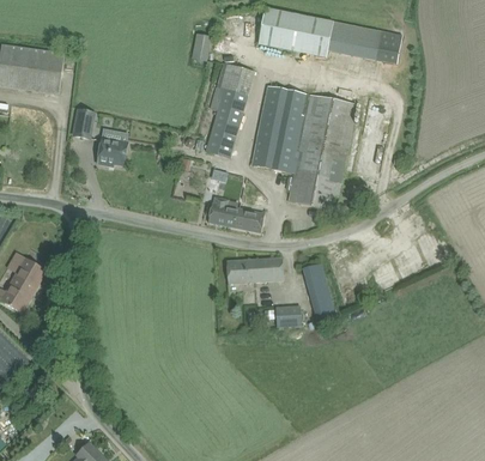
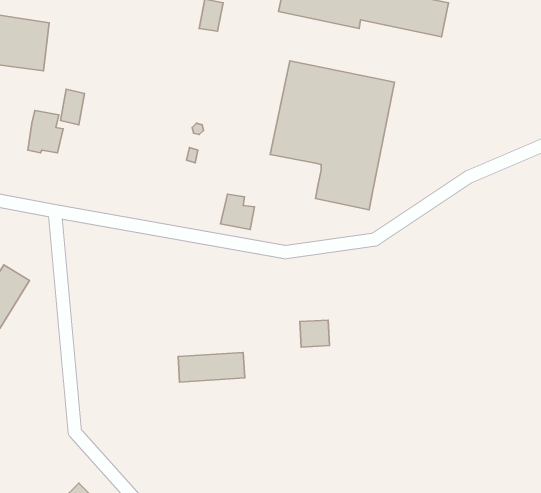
building: [204,62,254,158] -> none
building: [97,129,127,165] -> [28,110,63,153]
building: [234,208,263,232] -> none
building: [226,257,283,283] -> [178,352,245,382]
building: [302,263,337,323] -> none

